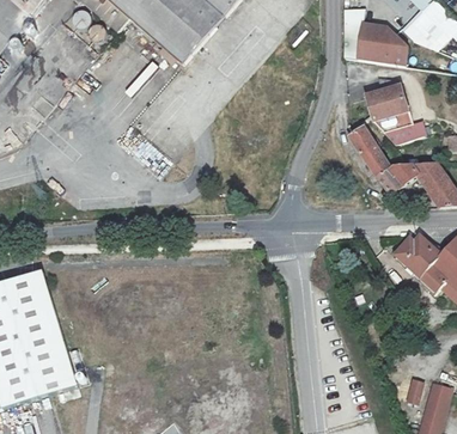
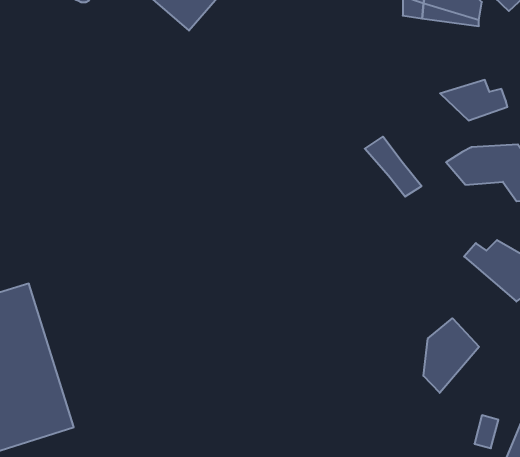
building: [366,74,410,118] -> none
building: [347,126,392,173] -> [365,137,422,197]
building: none -> [423,318,479,393]

